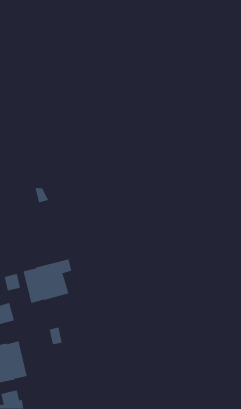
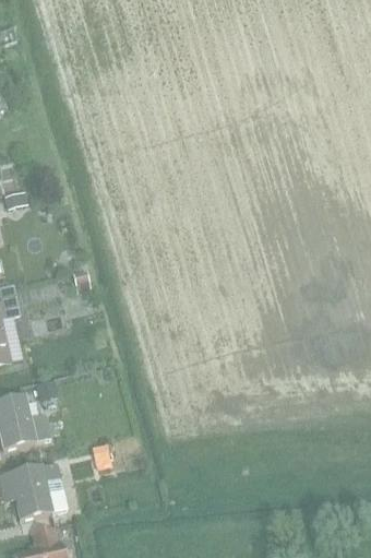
building: [23,259,72,304] -> none

